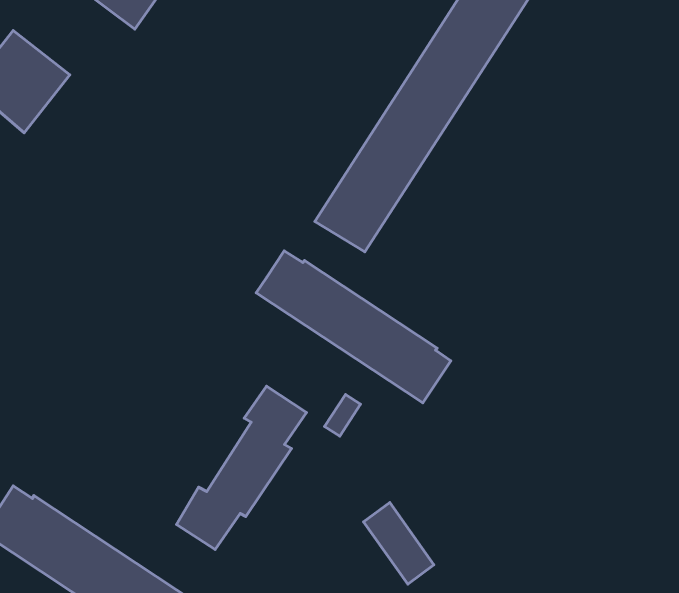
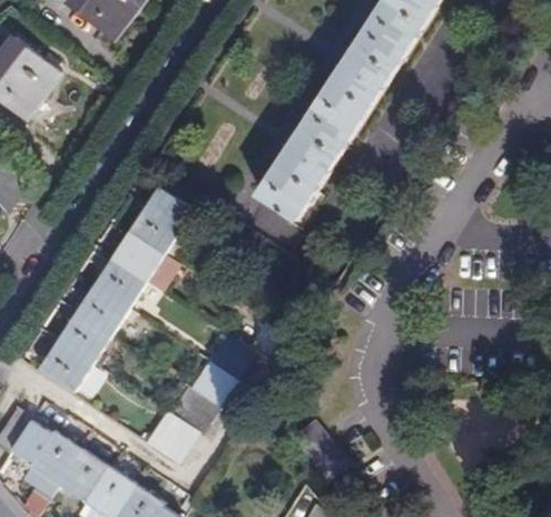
building: none -> [39,186,196,390]
building: [256,251,451,403] -> none

